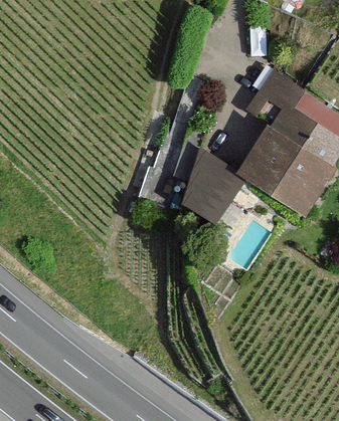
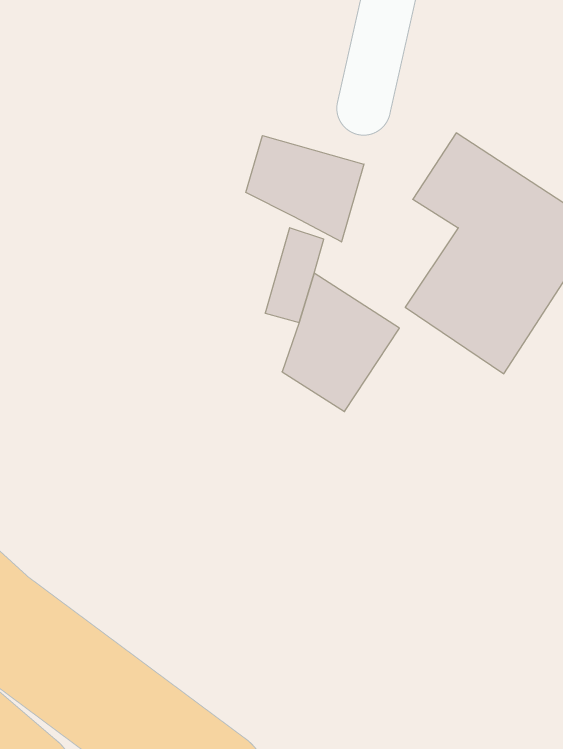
building: none -> [246,136,364,242]

